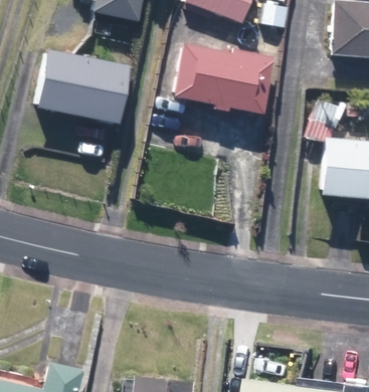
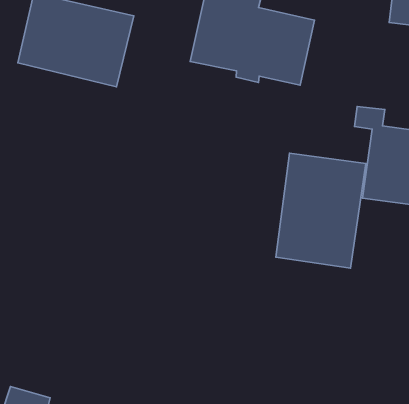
building: none -> [276,153,366,268]

